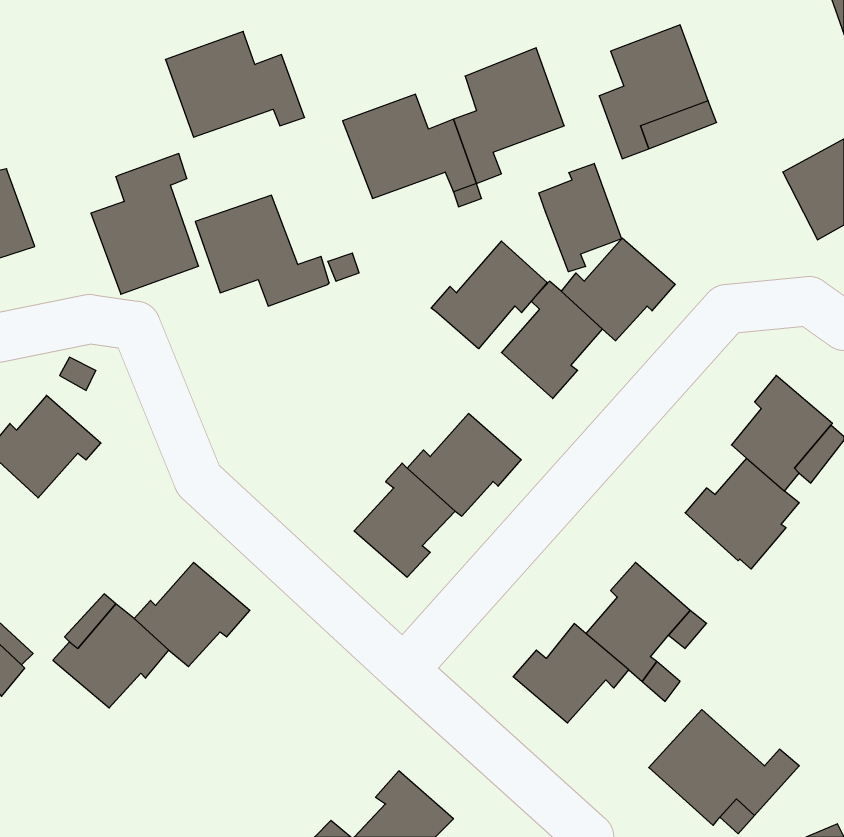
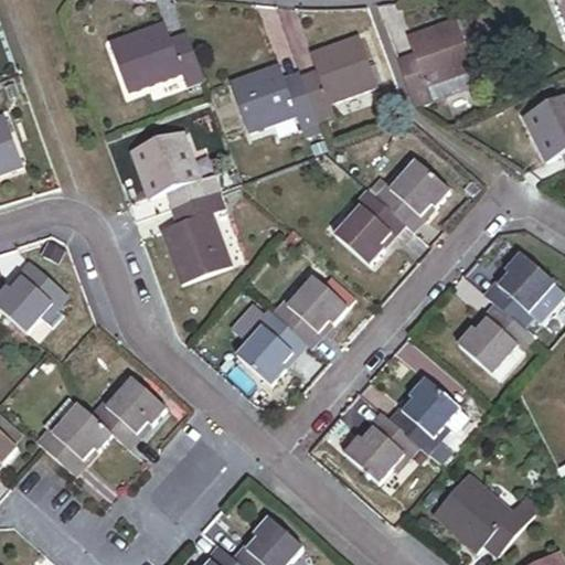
building: [91,154,199,294] -> [160,190,232,284]
building: [539,163,622,272] -> none
building: [431,241,547,349] -> none

